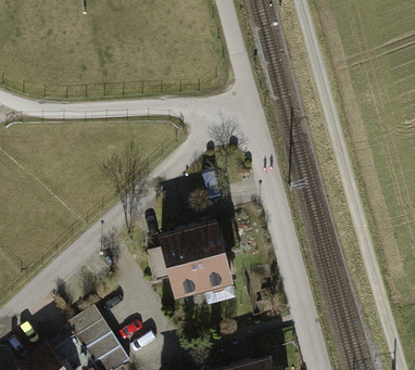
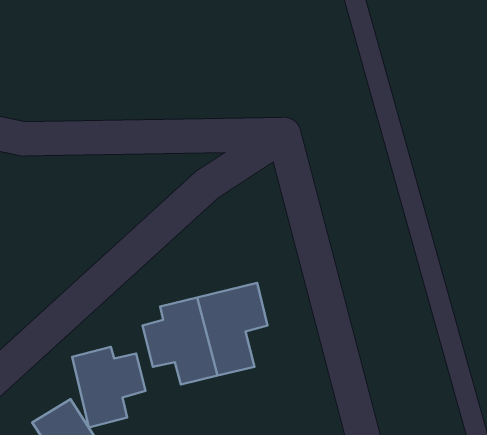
building: none -> [72,347,145,428]

